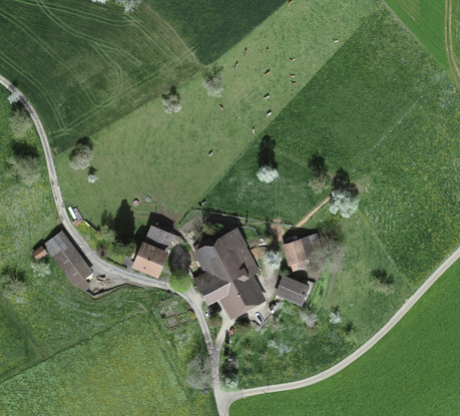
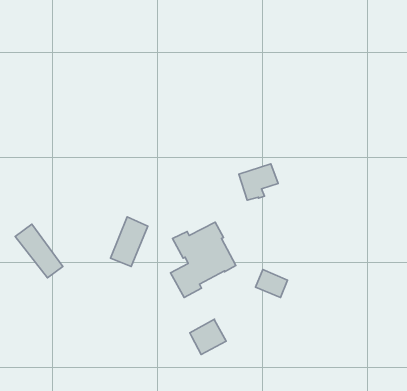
building: [285,236,323,271] -> [239,164,278,200]
building: [222,279,258,313] -> [190,319,226,354]

